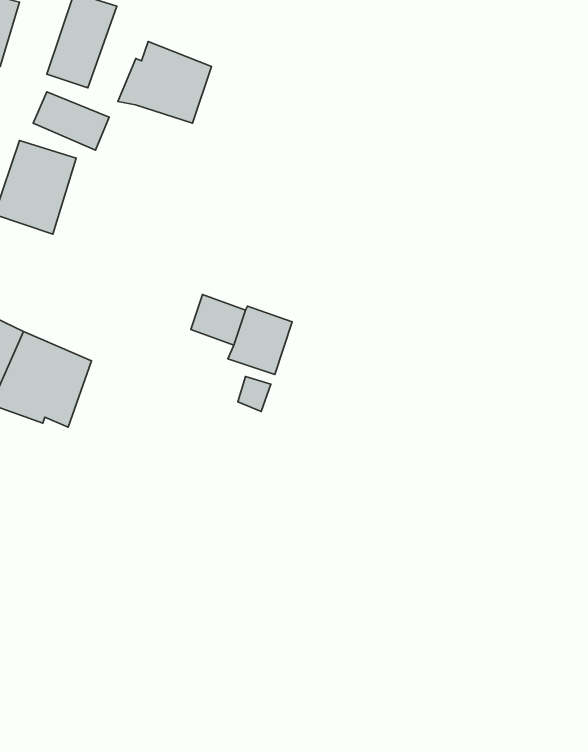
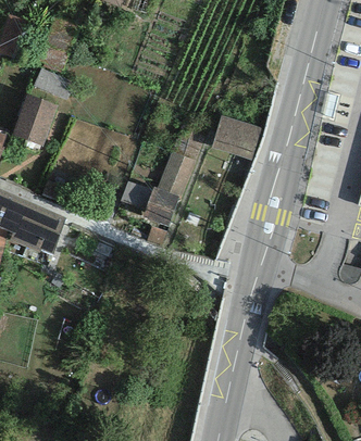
building: [118,42,211,123] -> none
building: none -> [211,114,261,160]
building: none -> [157,151,196,197]

